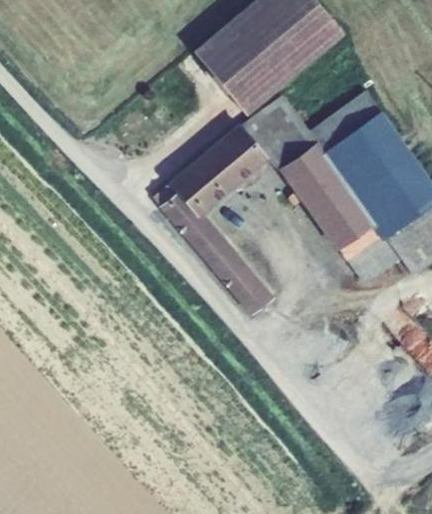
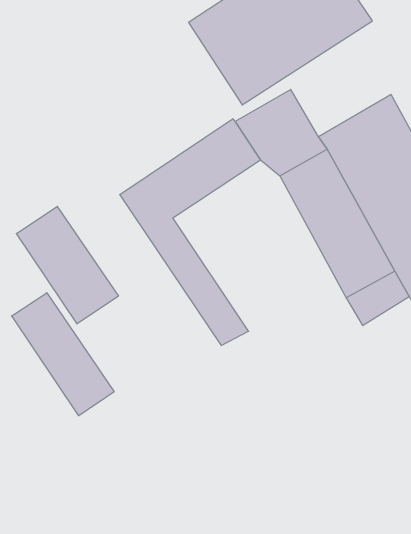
building: none -> [16,206,118,324]
building: none -> [12,293,114,416]

